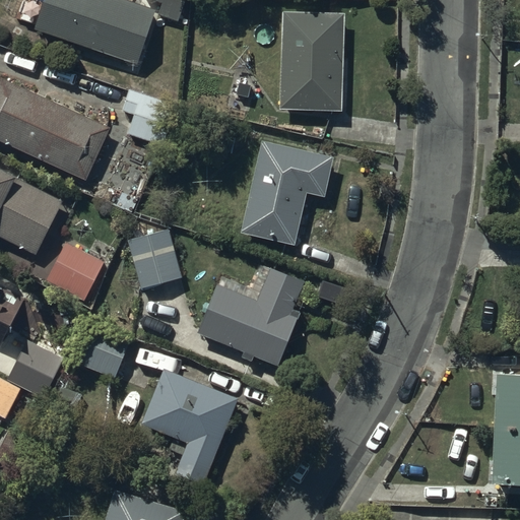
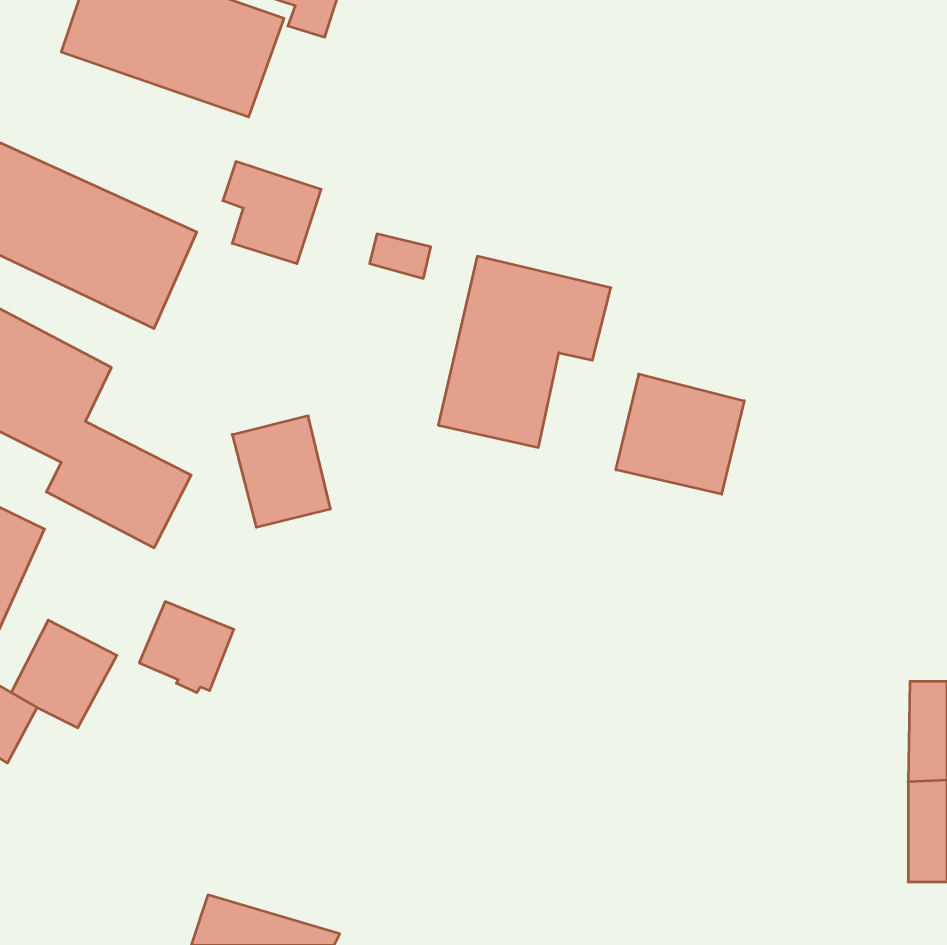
building: [279,14,343,111] -> none
building: none -> [616,374,744,494]
building: [197,268,303,365] -> none
building: [142,368,238,484] -> none

